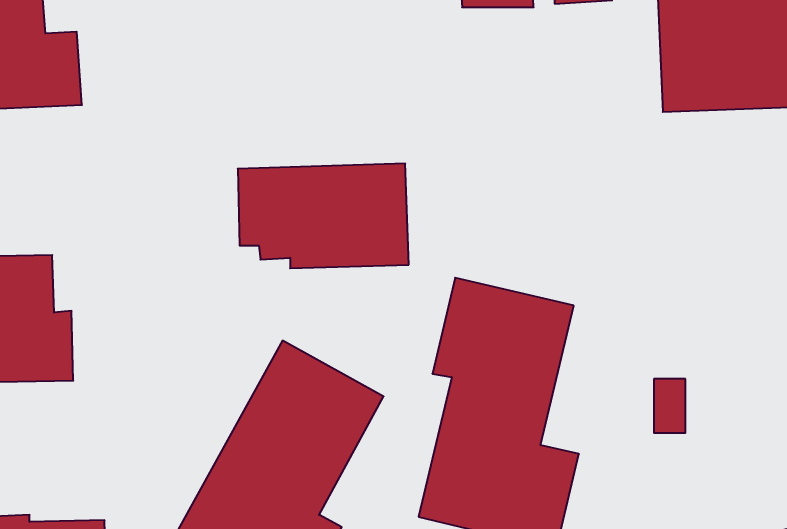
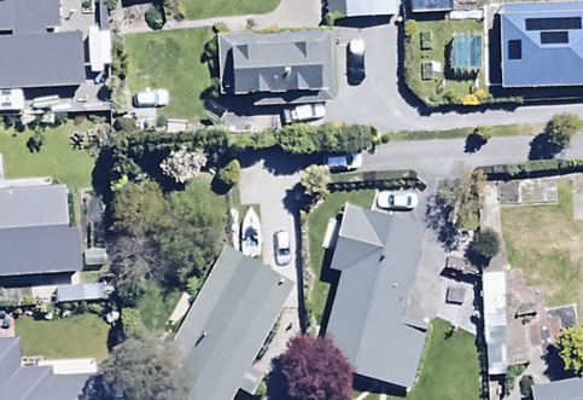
building: [238,164,409,268] -> [216,30,334,103]

